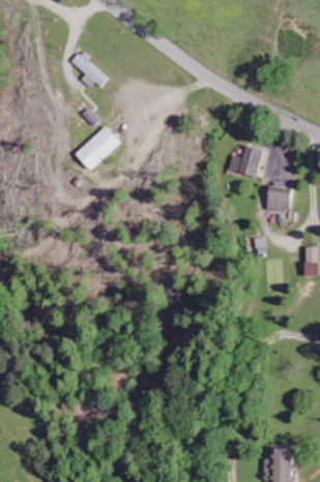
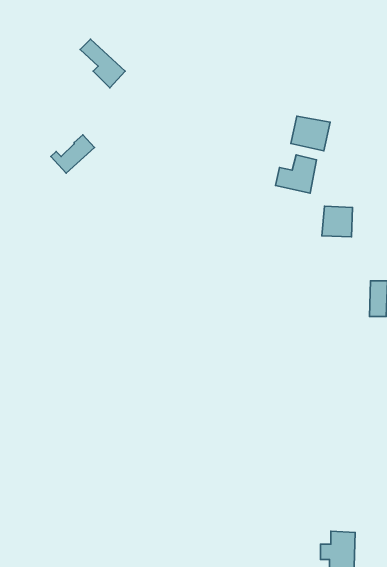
building: none -> [291,116,330,151]
building: [84,130,119,161] -> [51,135,95,173]

